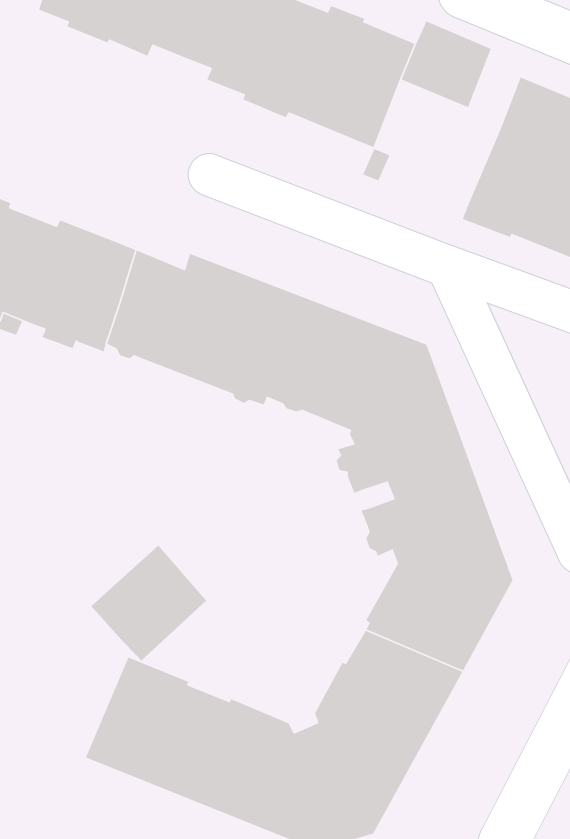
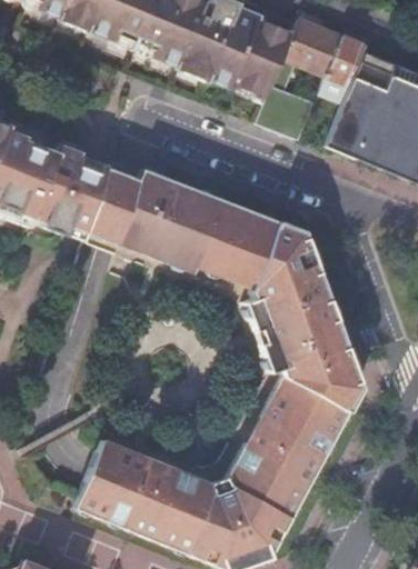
building: none -> [331,33,369,87]
building: [90,544,207,662] -> none

